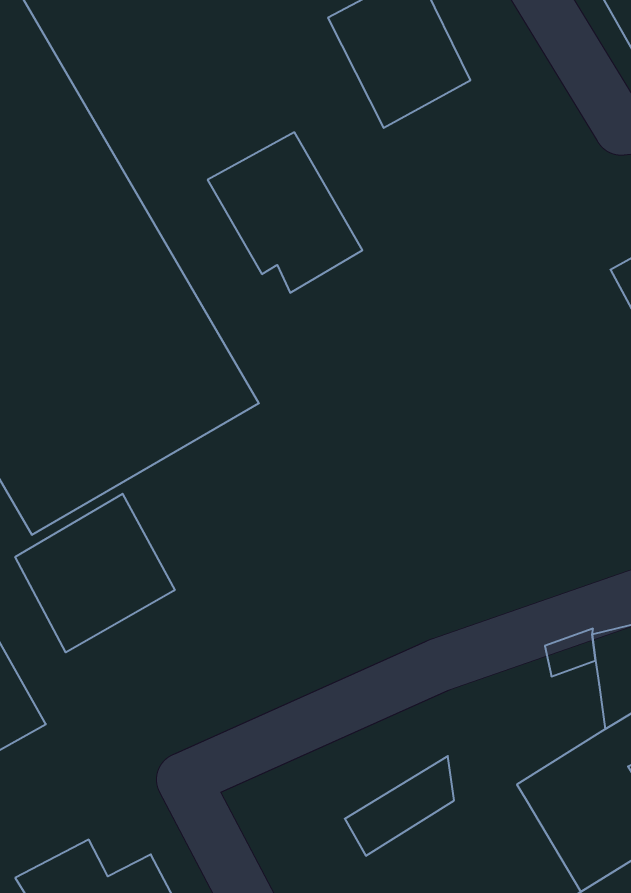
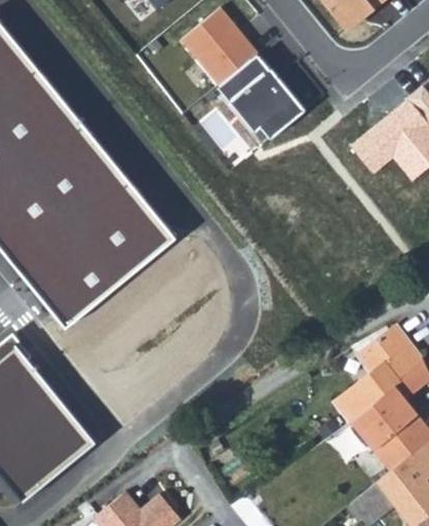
building: [208,132,362,293] -> [219,57,306,141]
building: [15,494,175,652] -> none
building: [345,756,454,856] -> [334,361,389,420]

